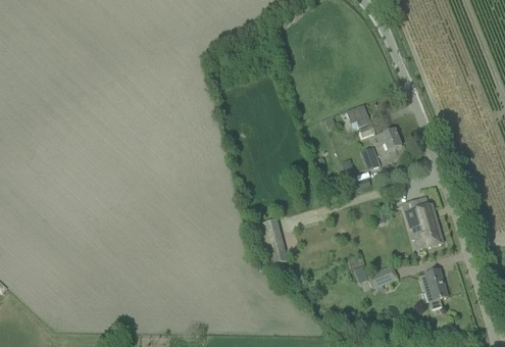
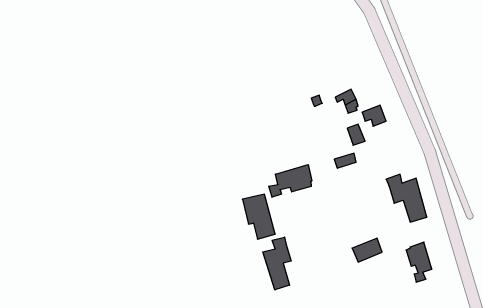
building: none -> [269,165,312,197]
building: none -> [263,237,291,290]

